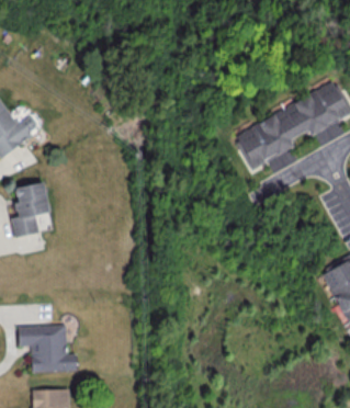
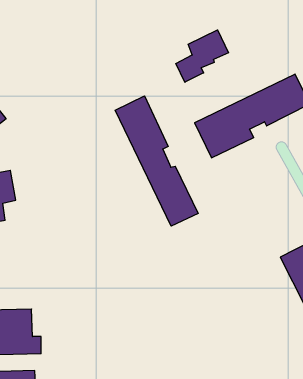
building: none -> [176,30,229,82]
building: none -> [115,96,198,226]

